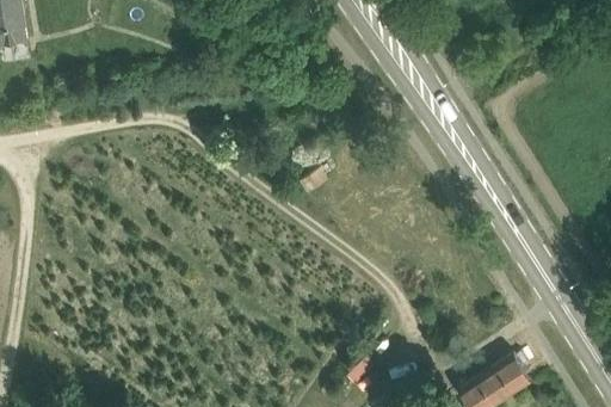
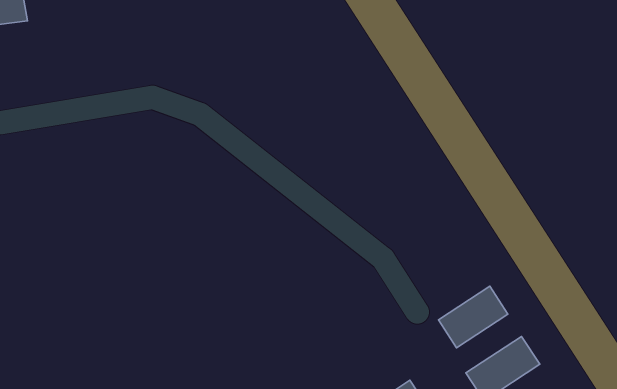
building: none -> [438,286,508,348]

